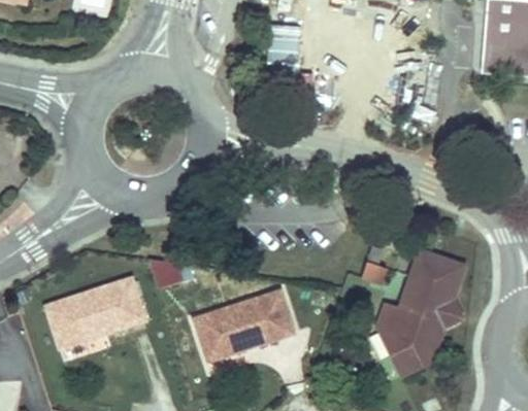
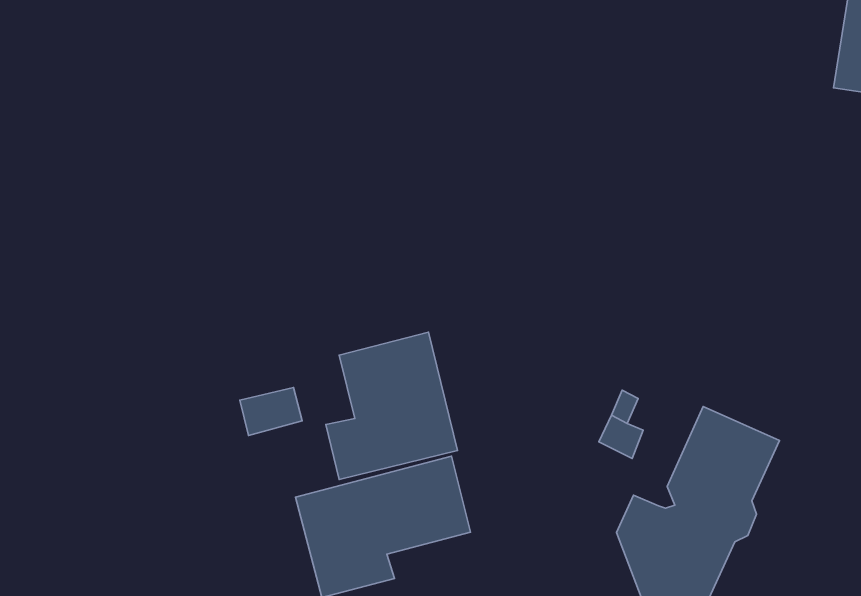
building: none -> [326,332,457,479]
building: [44,276,144,361] -> none

